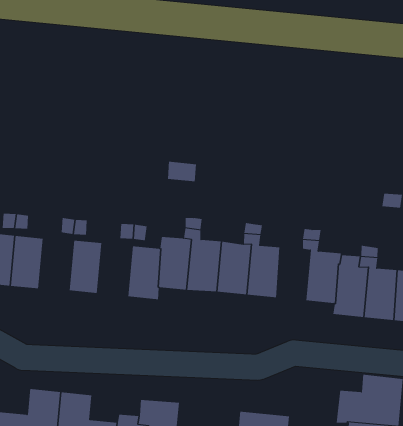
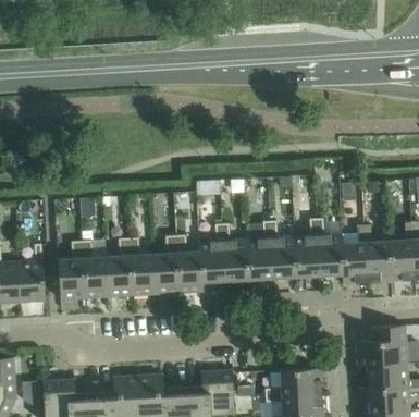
building: none -> [106,255,132,297]
building: none -> [152,253,178,294]
building: none -> [293,235,319,277]

